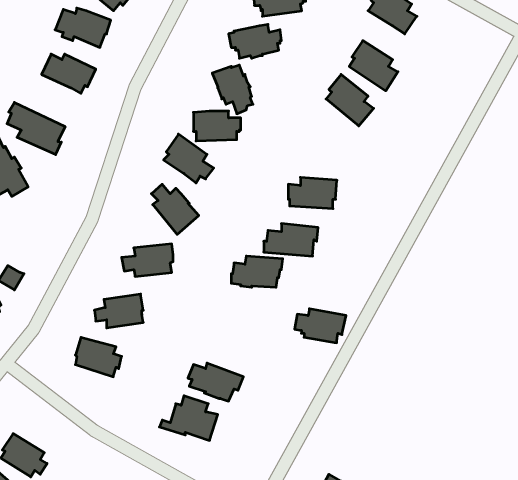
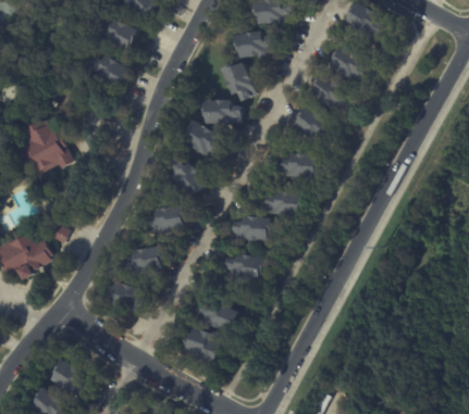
building: [7,102,65,155] -> none
building: none -> [294,105,331,146]
building: [295,309,346,343] -> [223,253,264,280]

